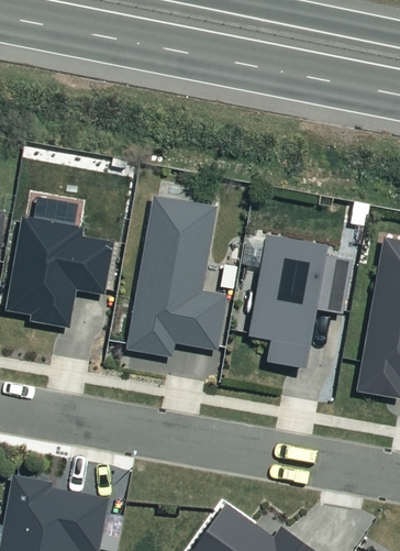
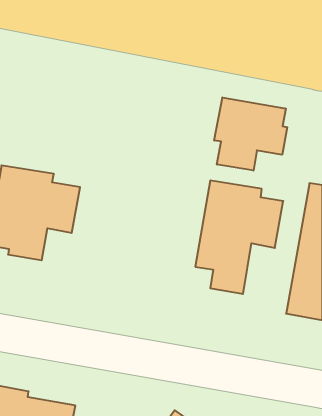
building: none -> [214,97,287,171]
building: [126,196,227,356] -> none

